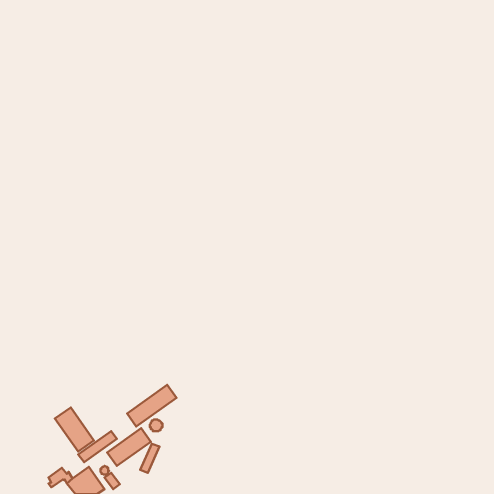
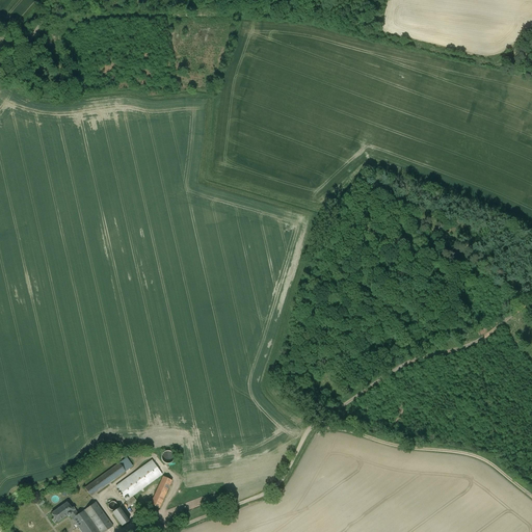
building: [127,385,176,426] -> none
building: [55,407,94,452] -> none

